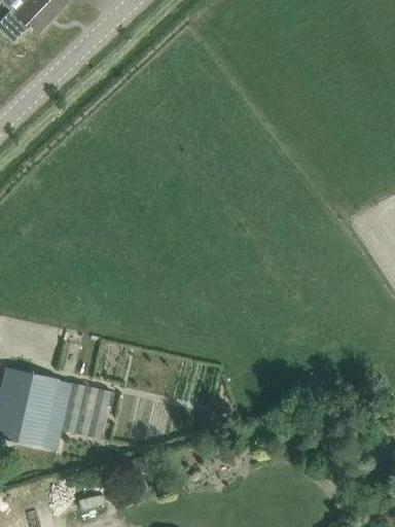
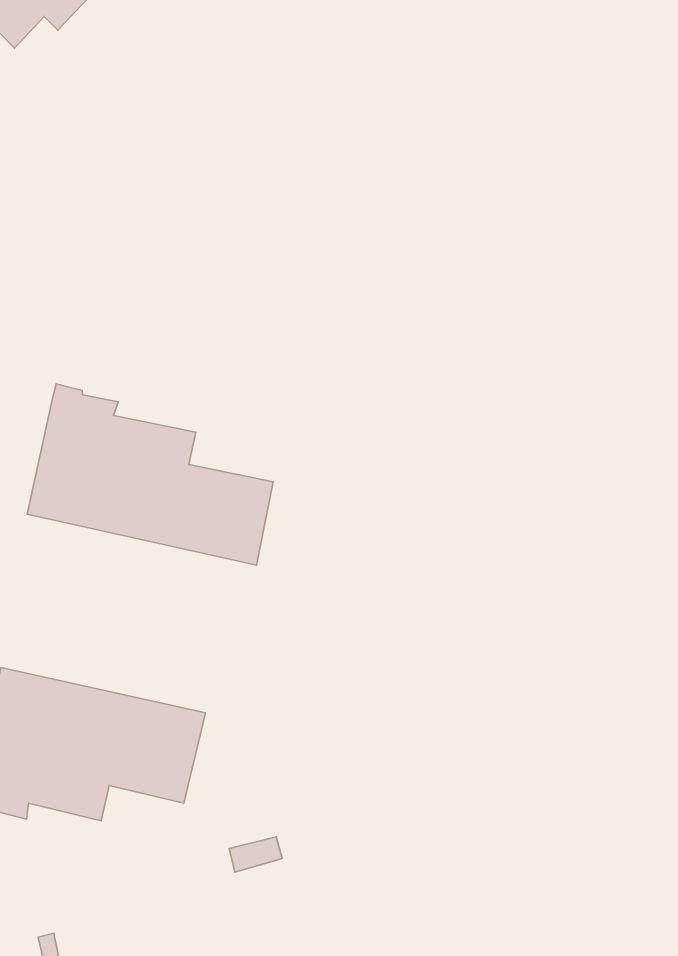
building: none -> [27,384,273,565]

